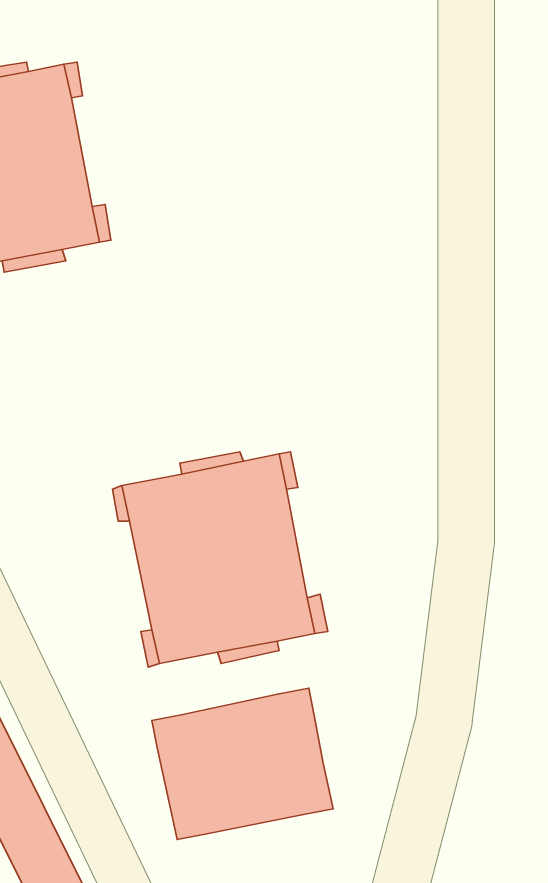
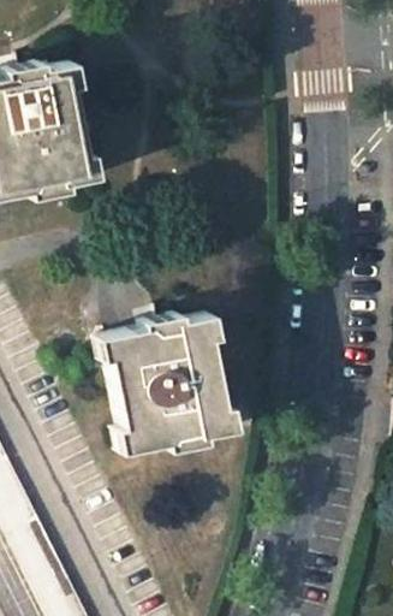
building: [152,688,333,839] -> none

